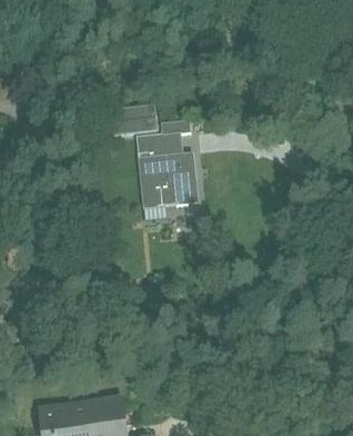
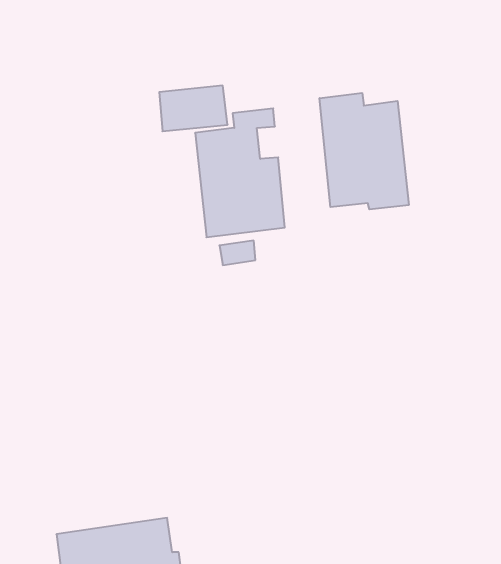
building: none -> [320,93,409,209]

